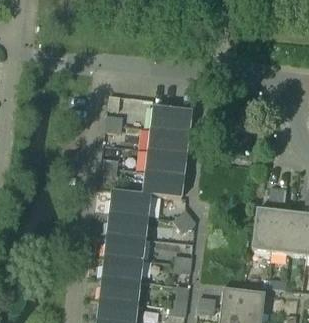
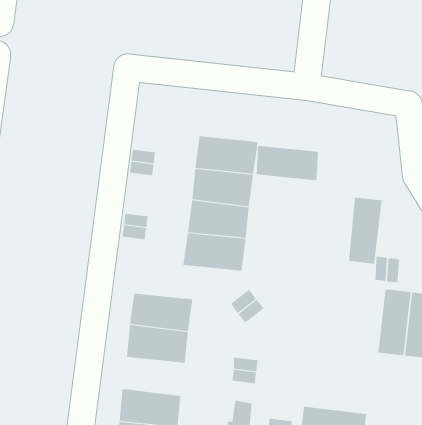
building: none -> [256,145,319,181]
building: [108,190,150,216] -> none
building: [254,207,277,252] -> [348,197,382,264]
building: [100,255,143,281] -> none

